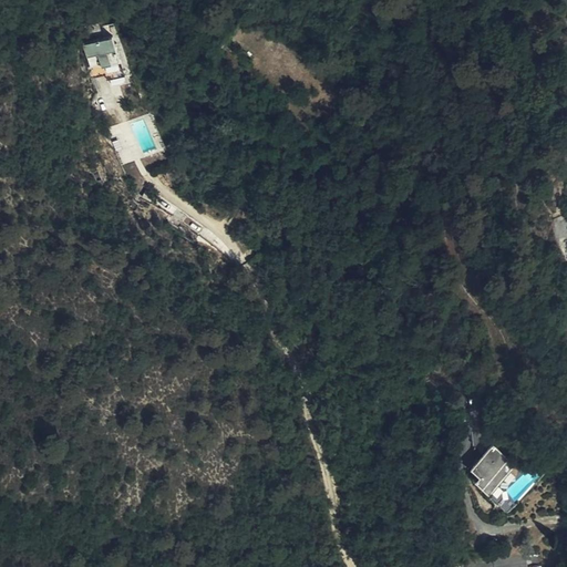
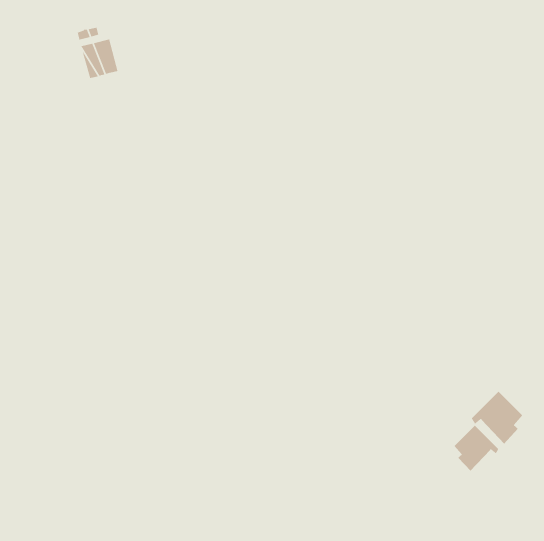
building: none -> [471,391,523,445]

